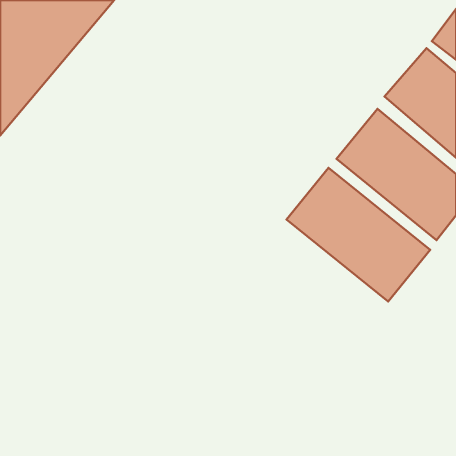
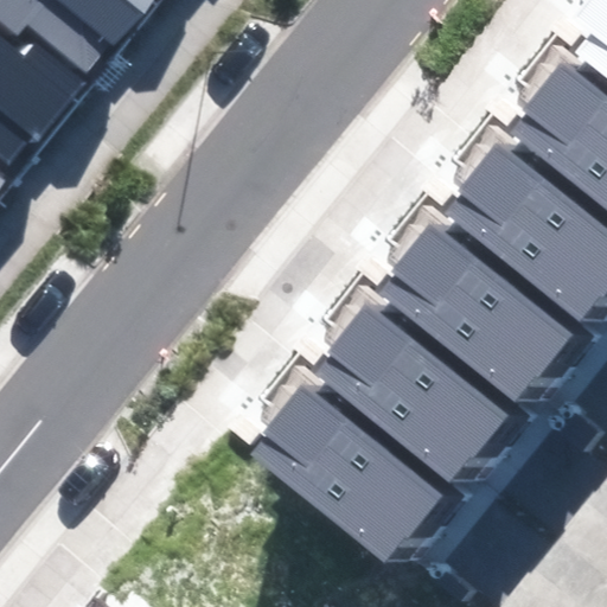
building: none -> [314,304,507,484]
building: none -> [247,384,445,568]

